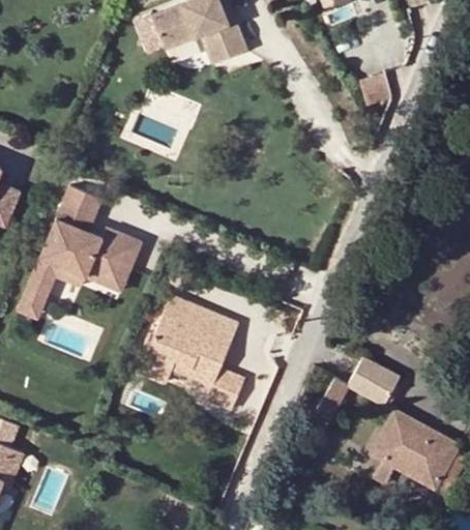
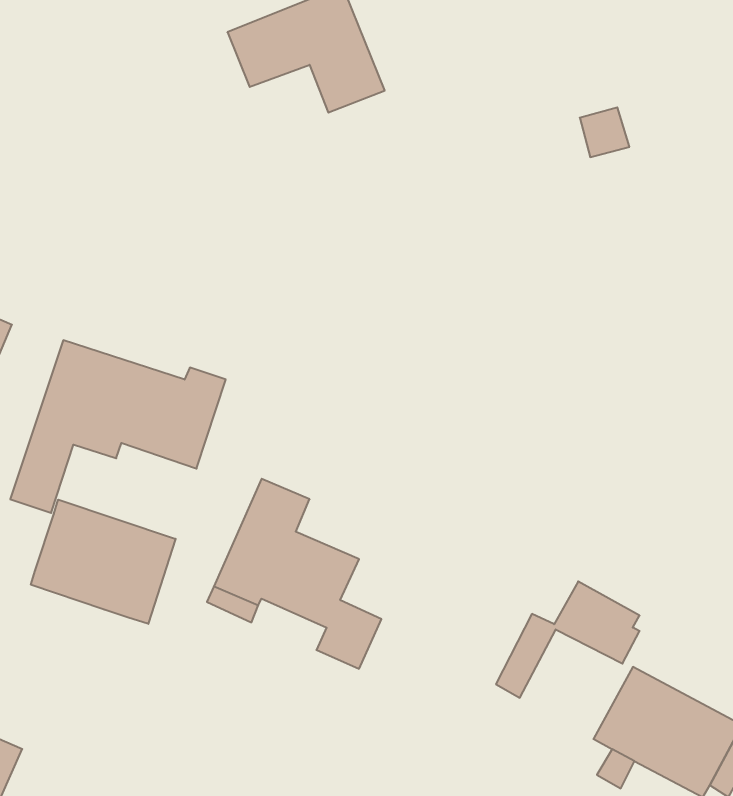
building: [59,182,105,223] -> none
building: [190,306,237,343] -> none
building: none -> [31,500,176,624]

